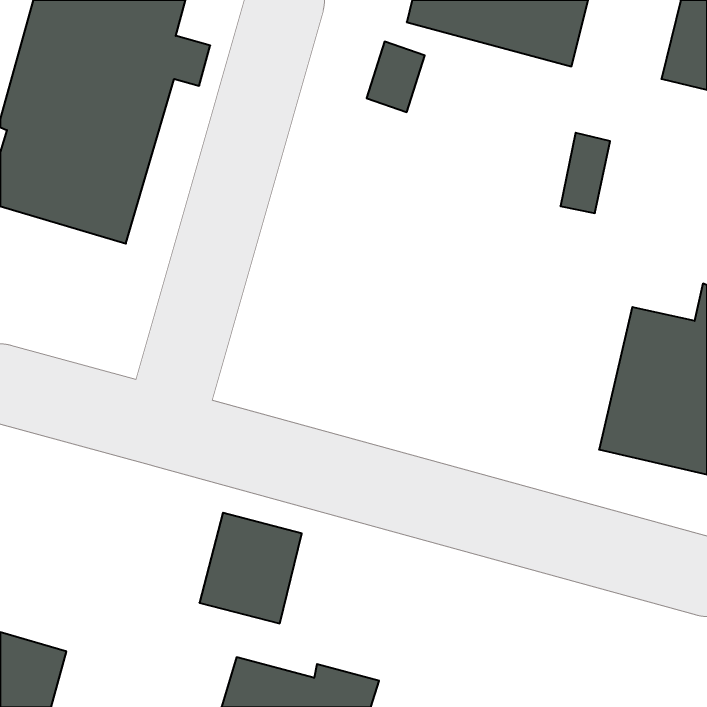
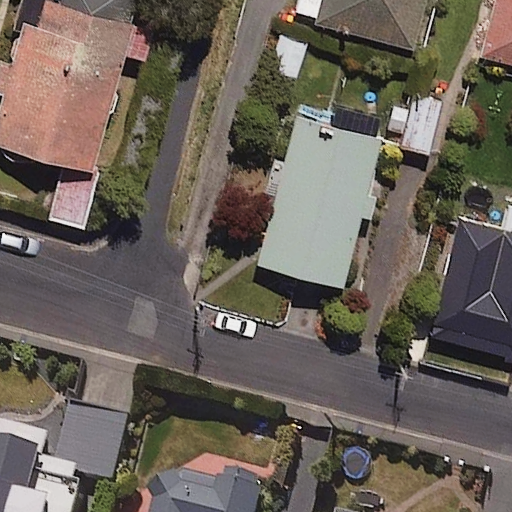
building: none -> [257,98,386,289]
building: [199,513,302,623] -> [60,408,134,488]

